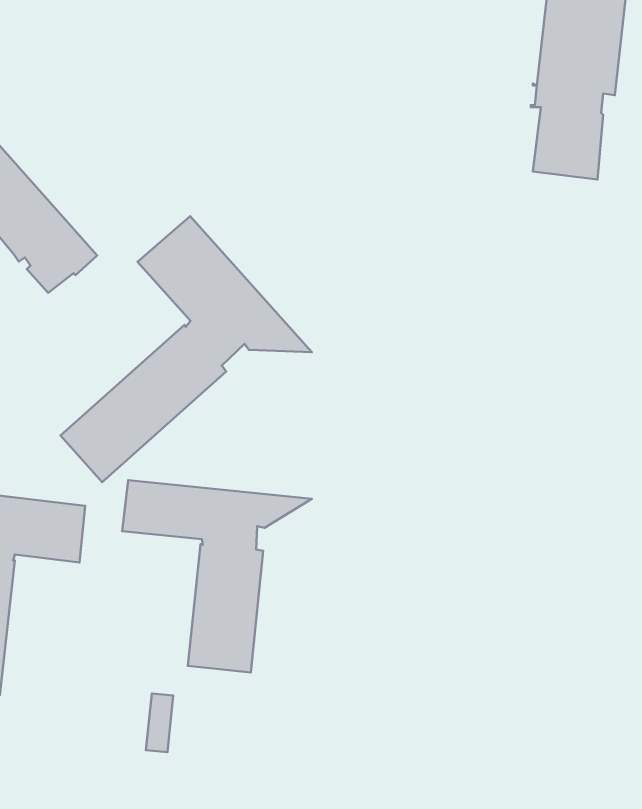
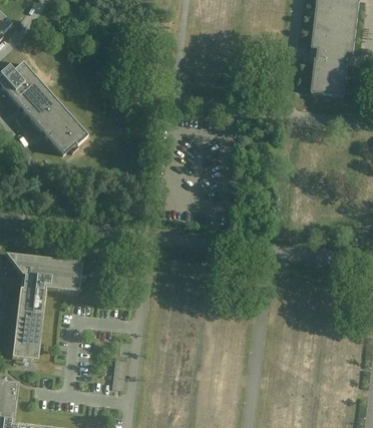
building: [61,216,312,482] -> none
building: [122,480,312,672] -> none

